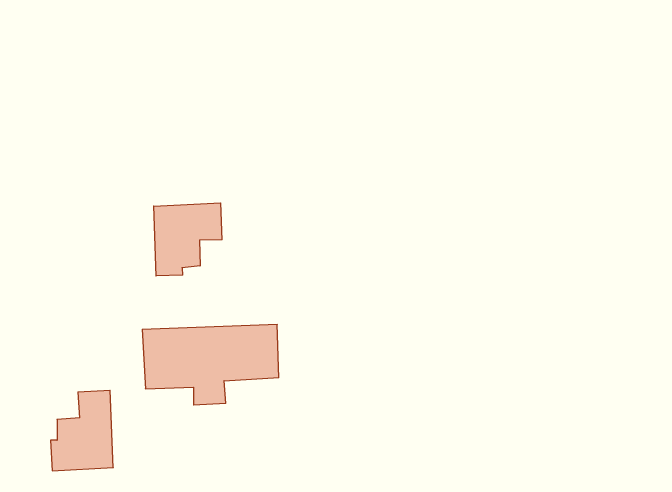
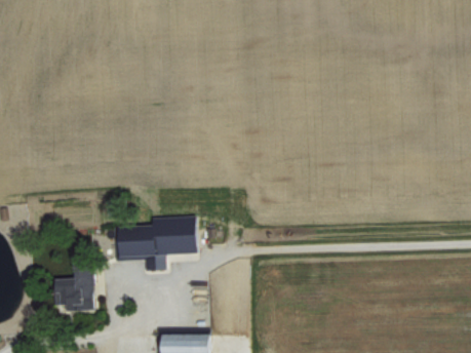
building: [154,203,222,276] -> none

